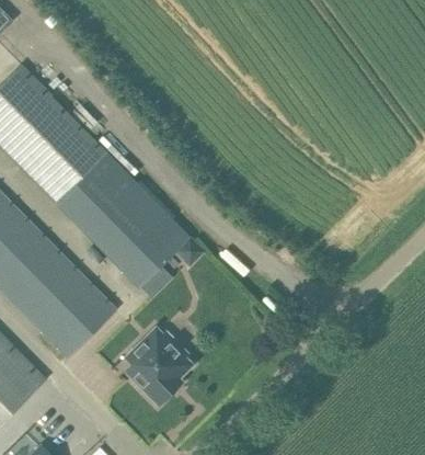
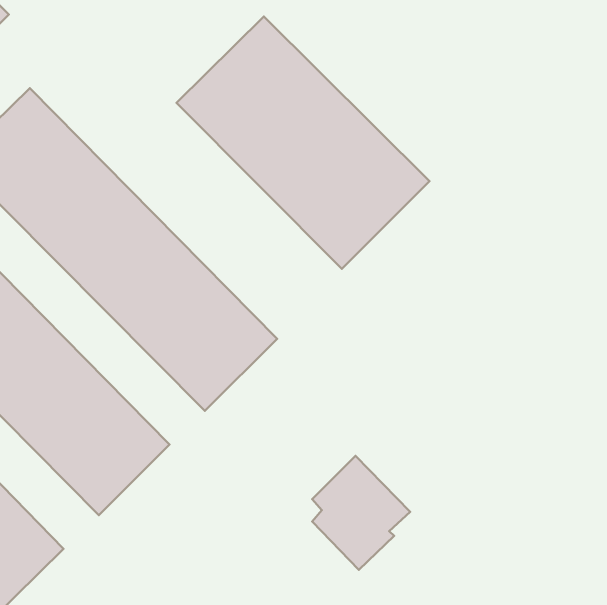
building: none -> [177,17,430,269]
building: [126,327,193,405] -> [312,456,410,570]

